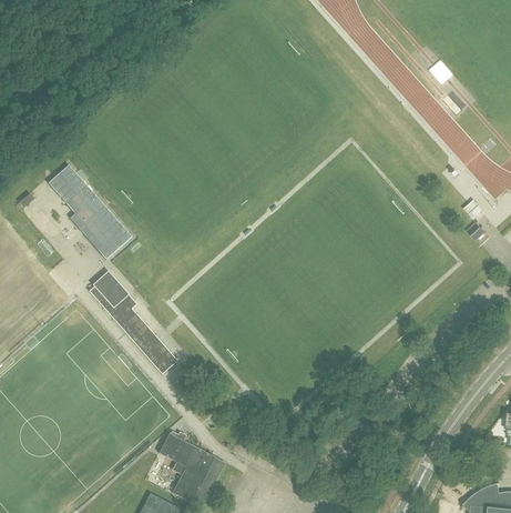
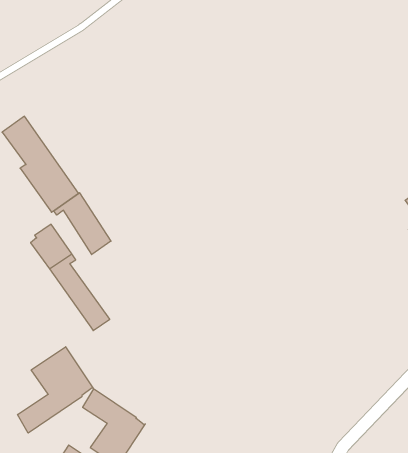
building: none -> [54,193,111,255]
building: none -> [18,347,93,433]

